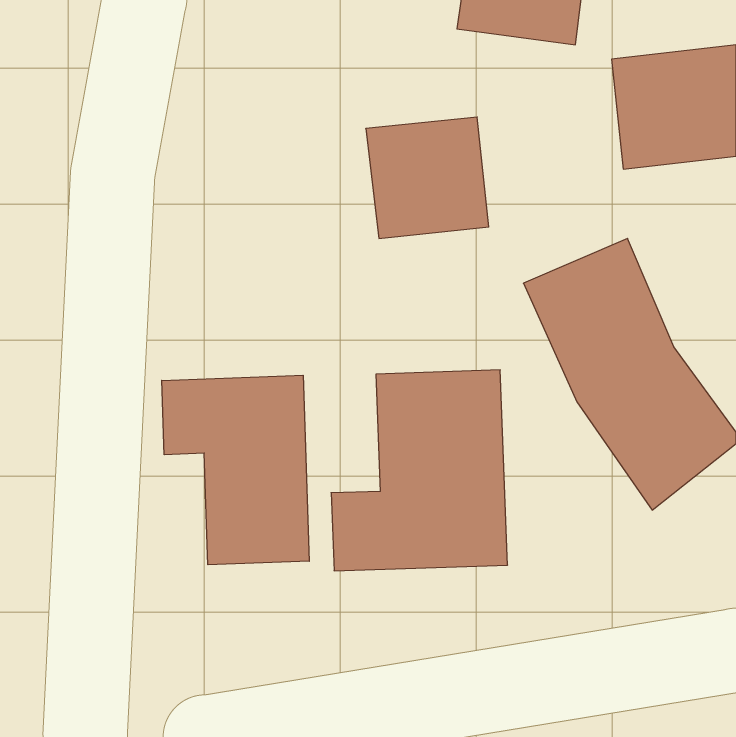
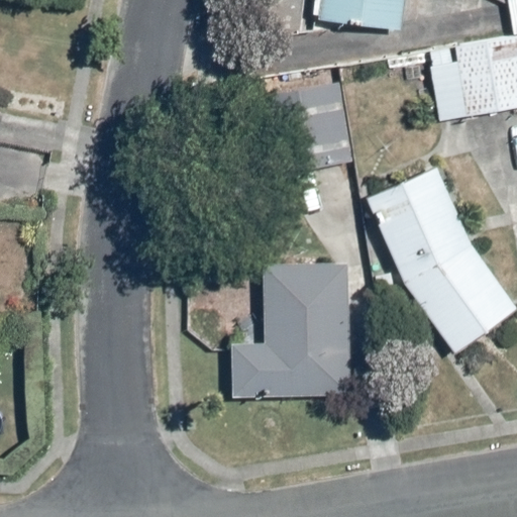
building: [162,375,309,565] -> none

